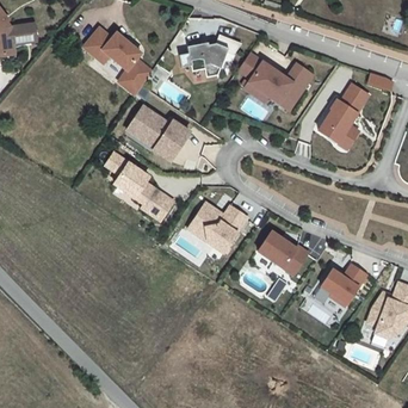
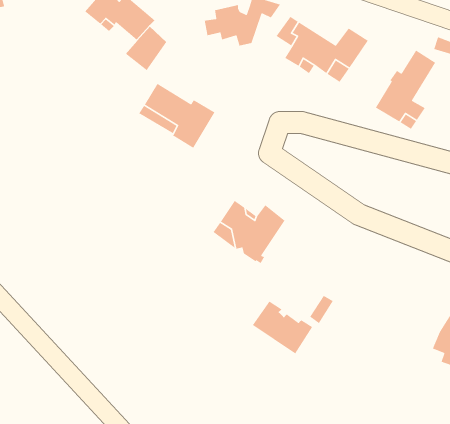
building: [105,156,172,223] -> none
building: [256,234,307,278] -> [252,300,313,354]
building: [316,273,361,315] -> none

